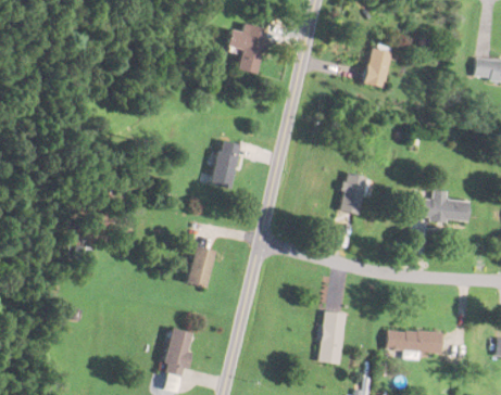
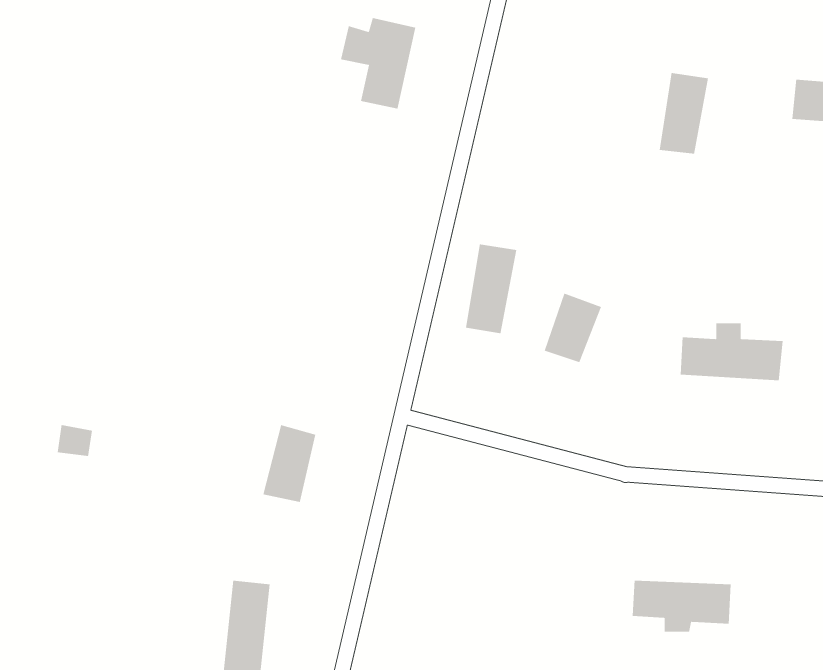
building: [365,41,392,86] -> [659,72,709,154]
building: [212,139,240,188] -> [465,244,517,334]
building: [320,309,347,364] -> none

